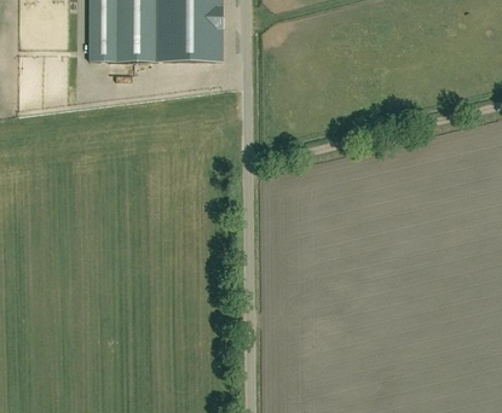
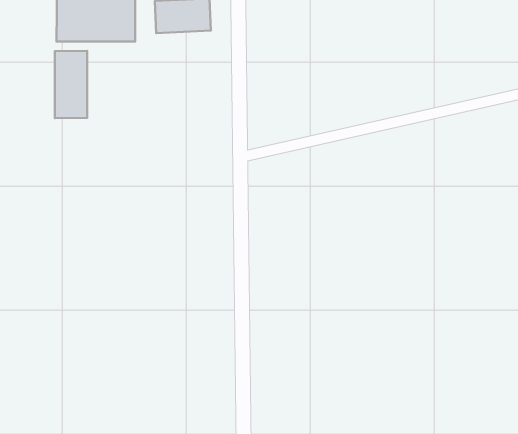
building: none -> [55,51,87,118]

